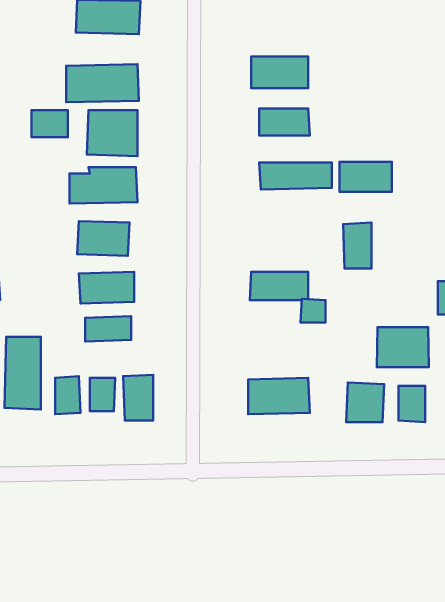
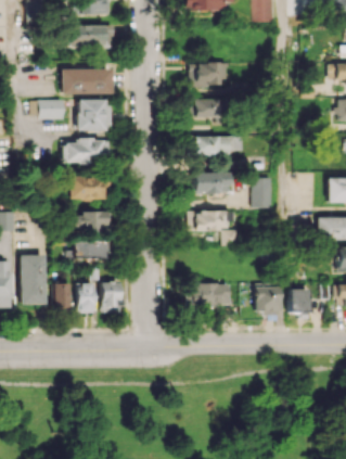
building: [340,162,392,192] -> [195,173,231,193]
building: [377,327,429,367] -> none

